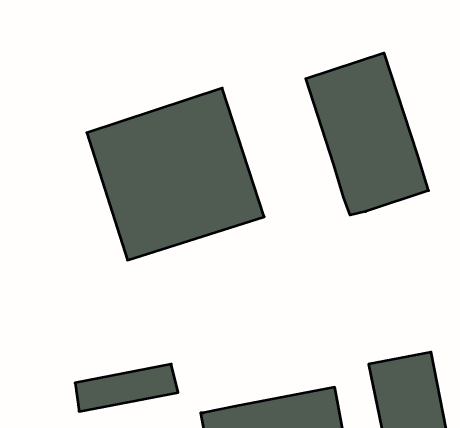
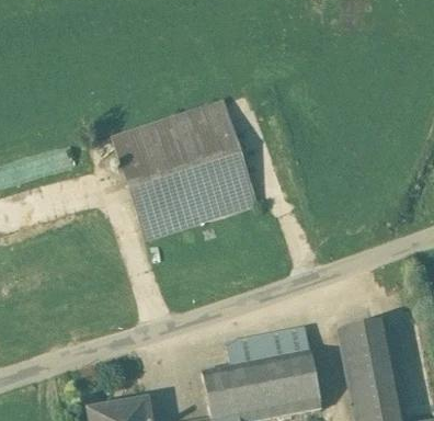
building: [306,53,429,215] -> none
building: [75,364,178,411] -> [228,325,311,363]

